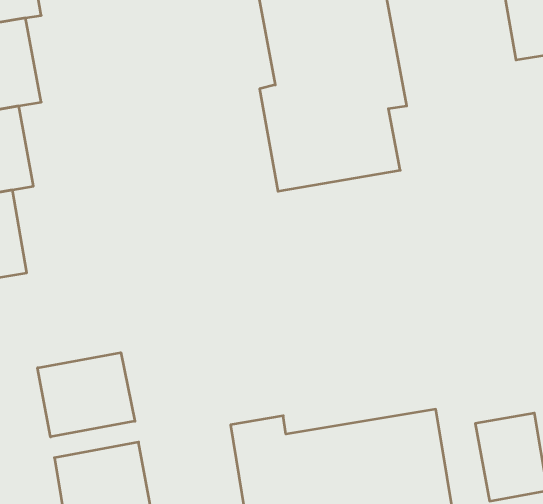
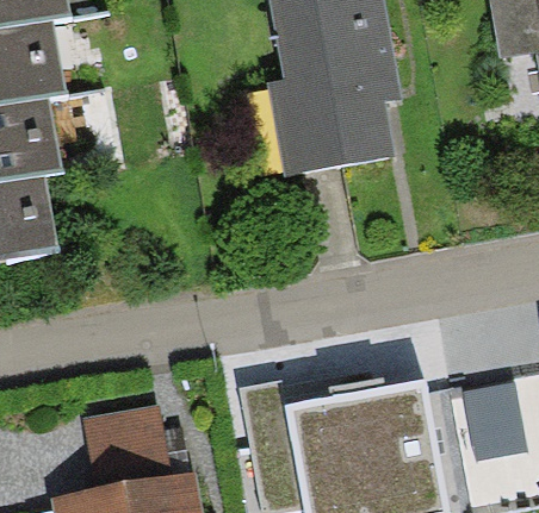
building: [38,353,135,437] -> none

